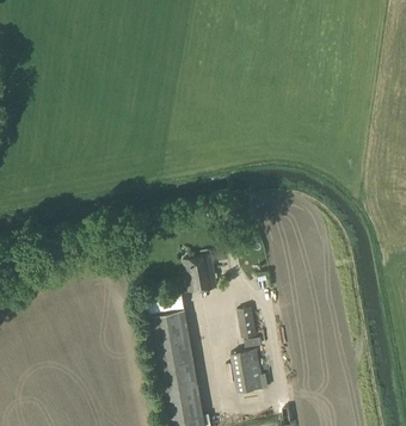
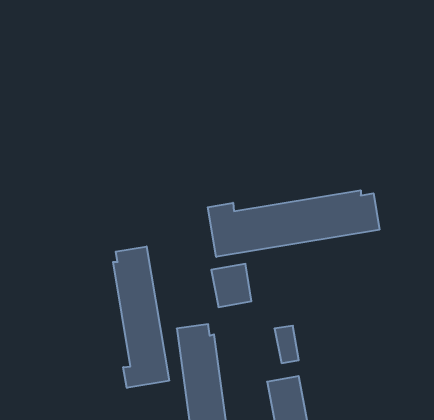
building: none -> [208,190,379,257]
building: none -> [113,246,169,388]

